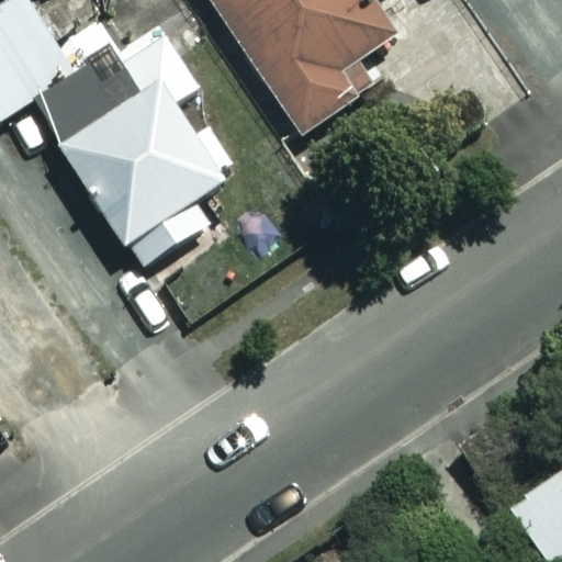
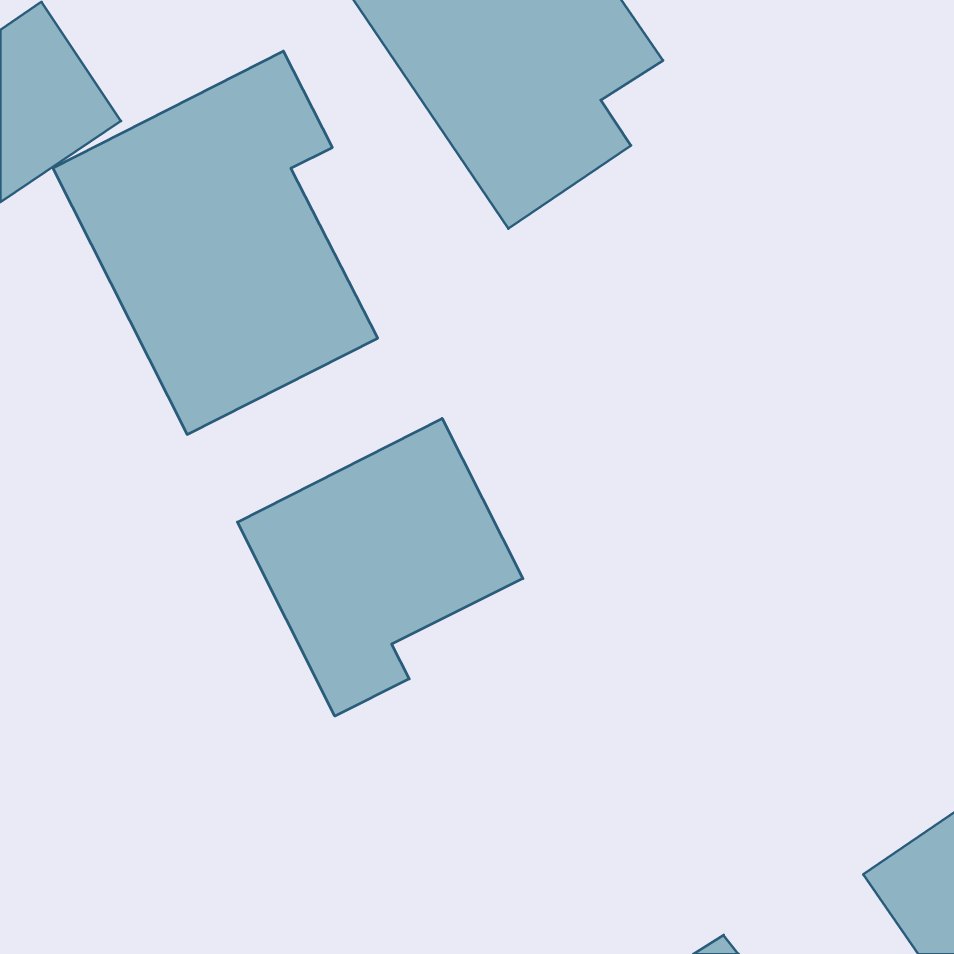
building: none -> [237,418,523,716]

